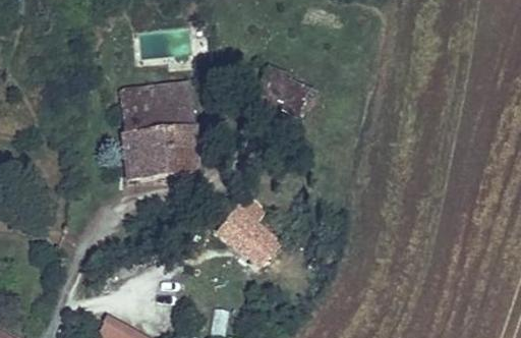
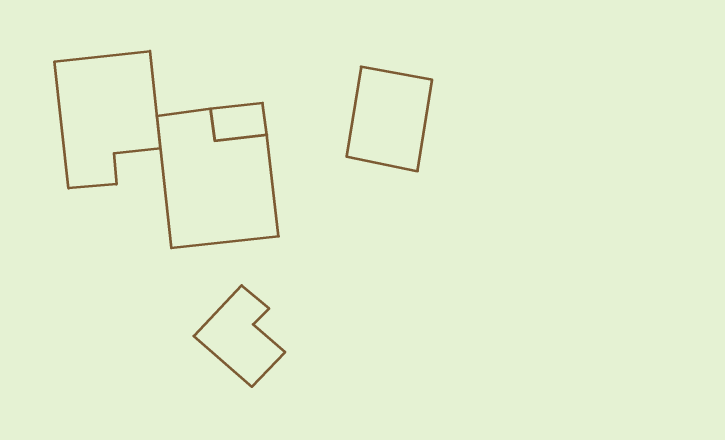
building: none -> [55,51,160,188]
building: [215,196,279,268] -> [194,285,285,387]

